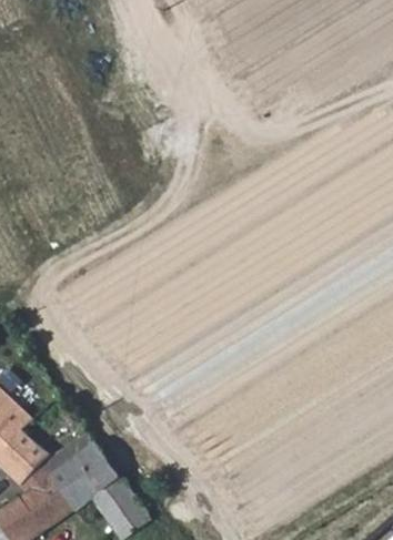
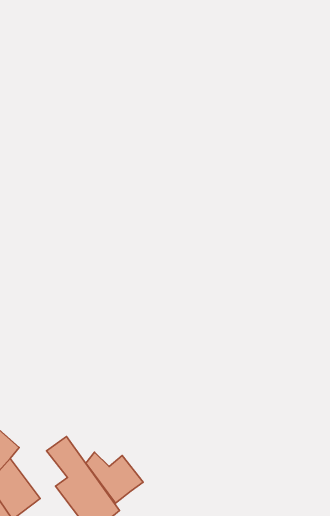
building: [43,456,101,507] -> [86,452,143,503]

